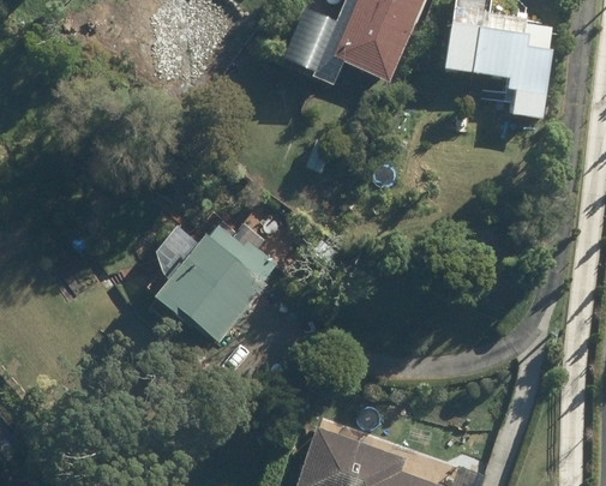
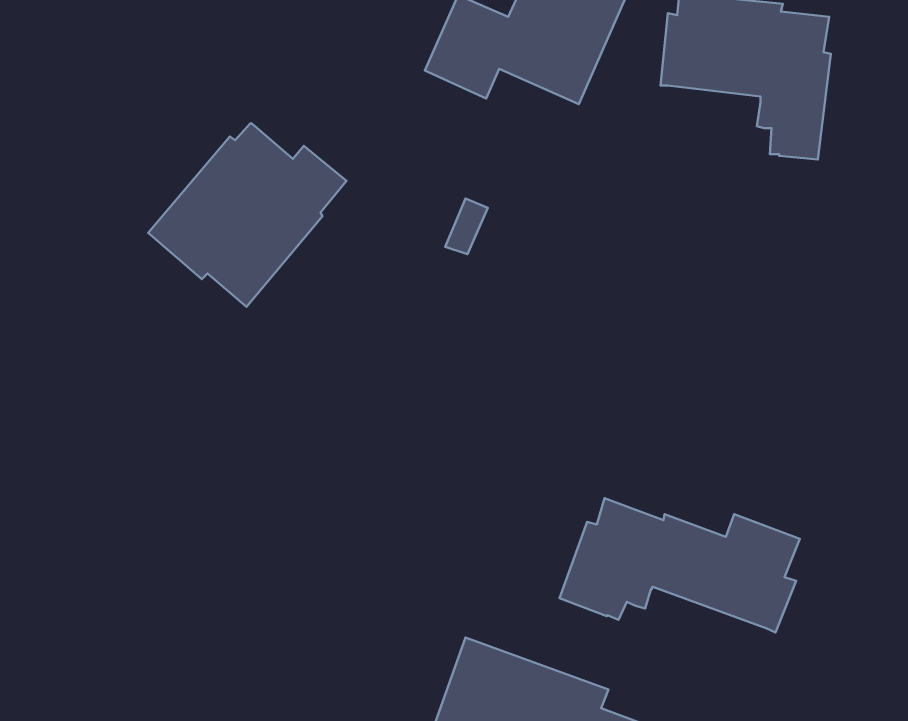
building: [149,226,277,344] -> [148,124,347,307]
building: none -> [559,498,800,632]

